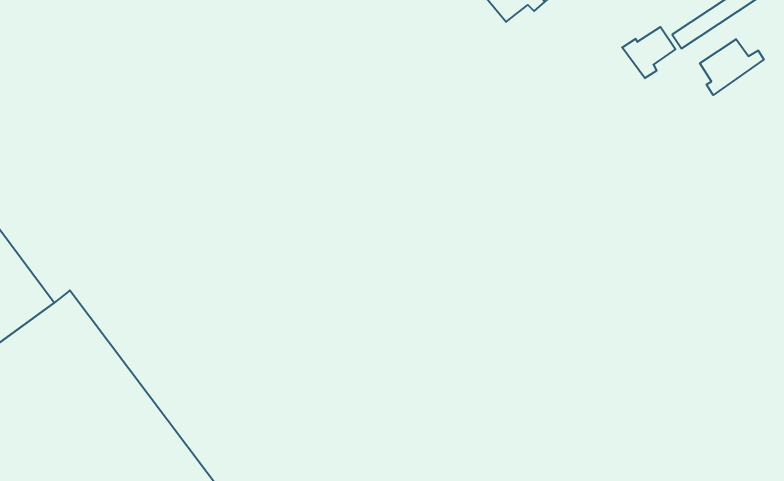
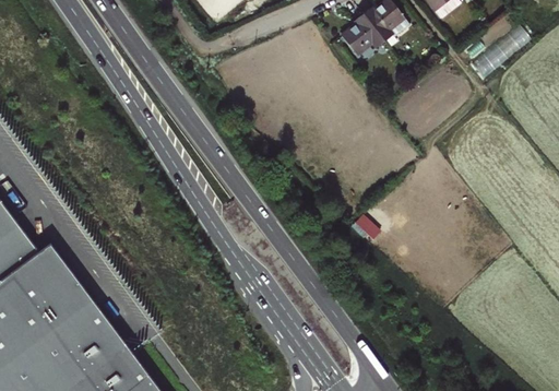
building: [622,27,675,78] -> none
building: [700,39,764,95] -> none

